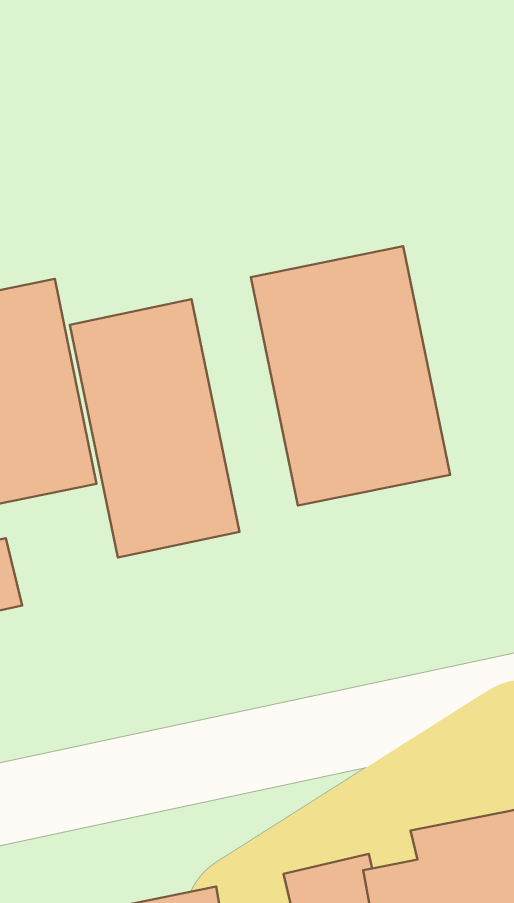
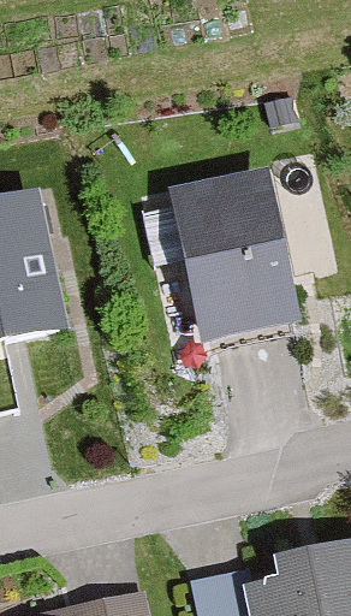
building: [70,299,240,558] -> none

